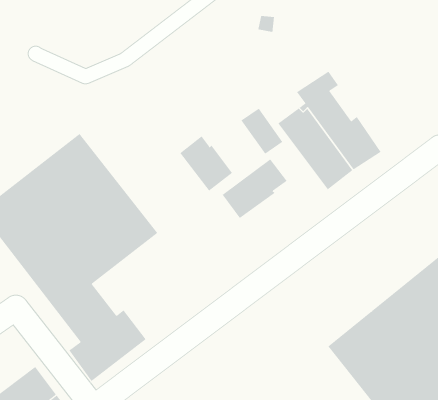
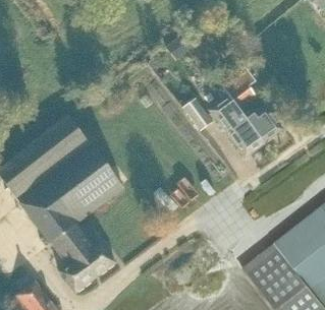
building: [179,136,233,191] -> none
building: [222,159,287,219] -> none

